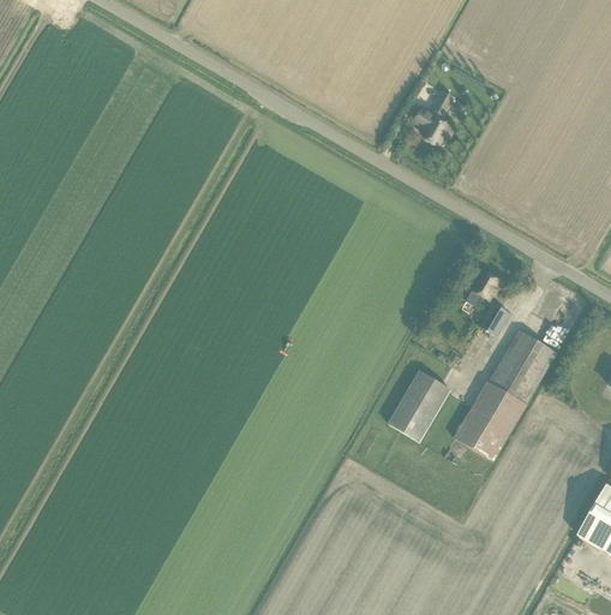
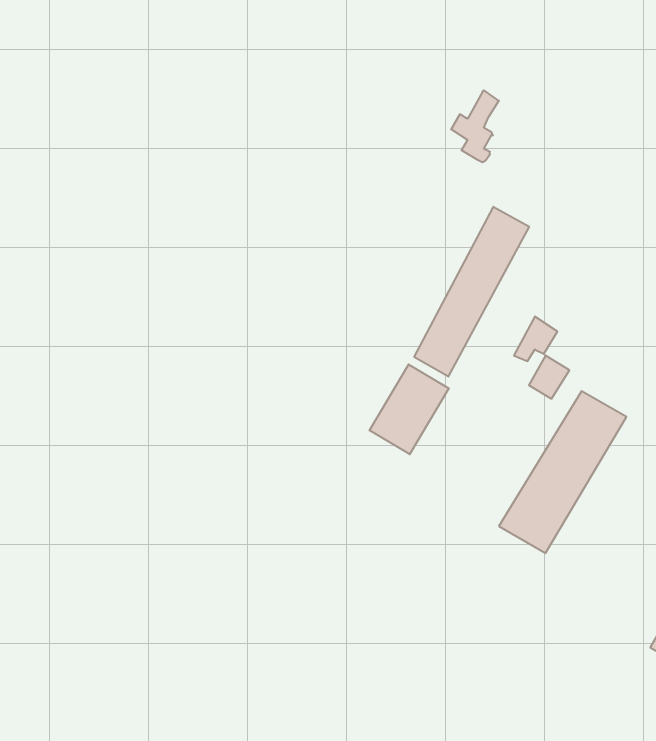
building: none -> [414,207,529,377]
building: [387,369,450,441] -> [369,364,449,454]

